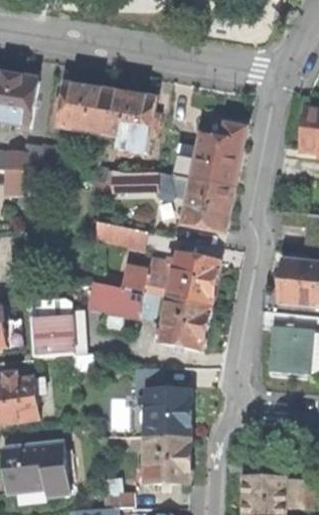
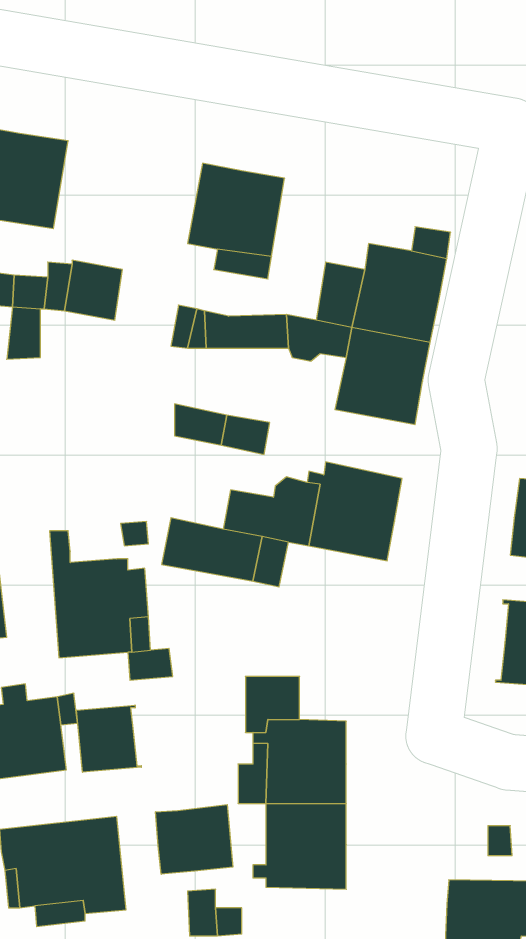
building: [58,82,111,133] -> none
building: [153,296,210,349] -> none
building: none -> [76,705,141,772]
building: none -> [156,805,233,874]

